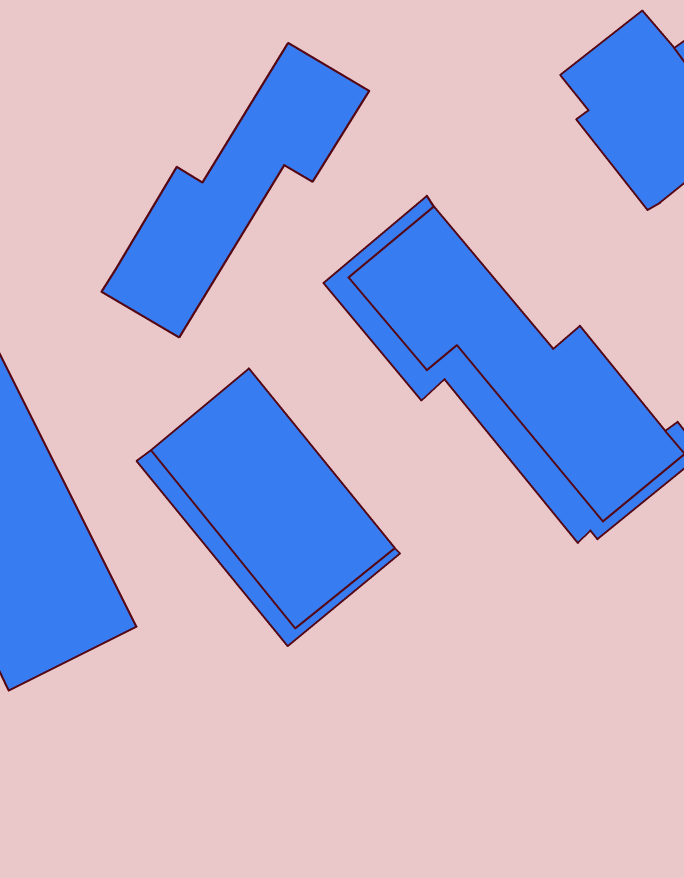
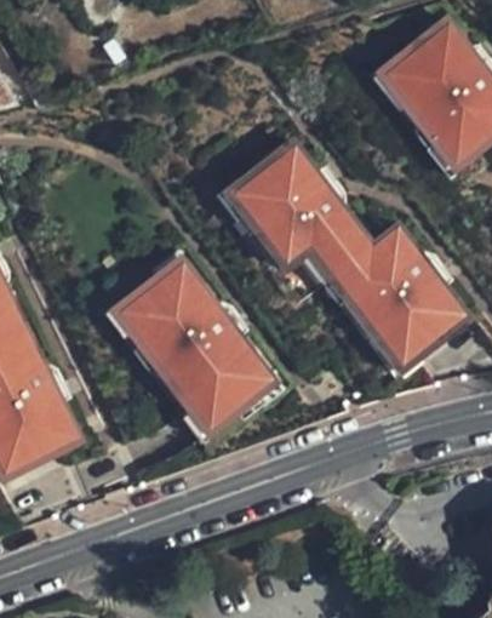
building: [102,43,369,337] -> none
building: none -> [365,56,462,168]

